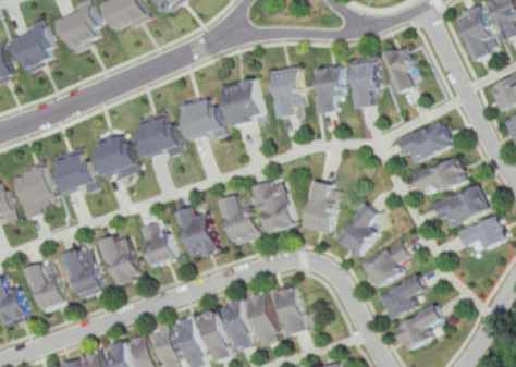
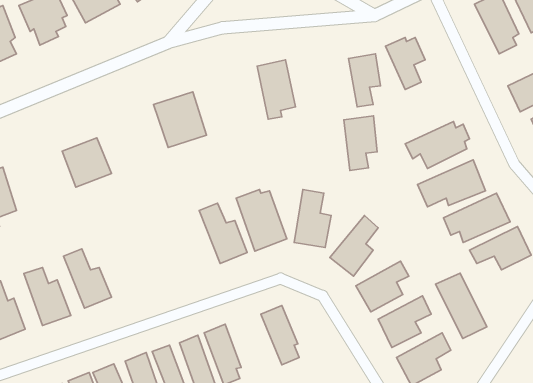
building: [312,65,342,113] -> [344,116,377,170]
building: [220,78,260,129] -> none
building: [135,113,182,161] -> none
building: [53,150,101,195] -> none
building: [180,206,219,256] -> none
building: [139,221,182,269] -> none
building: none -> [435,273,487,339]
building: [246,292,283,346] -> none

